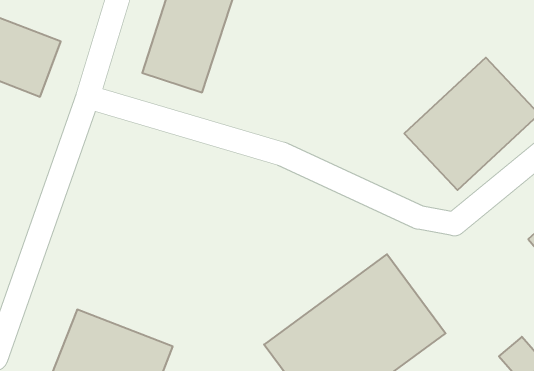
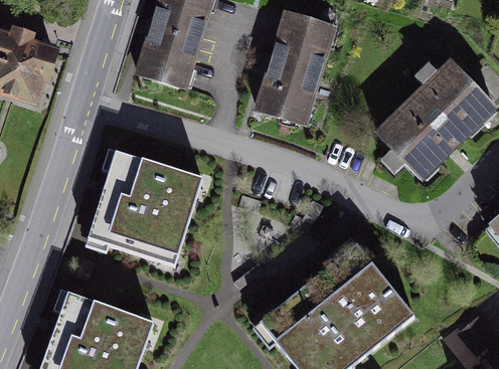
building: none -> [247,12,339,131]
building: none -> [85,148,204,261]

